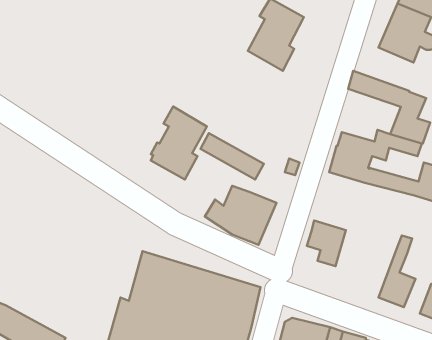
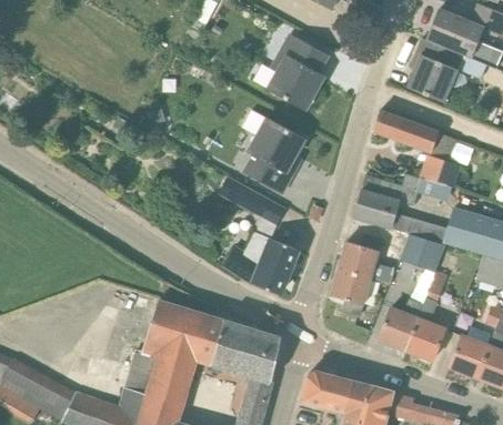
building: [151,107,207,179] -> [245,118,304,194]
building: none -> [339,234,395,283]
building: none -> [400,235,445,273]
building: none -> [379,298,423,350]

